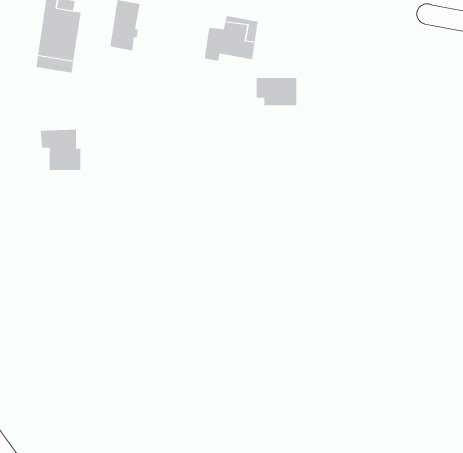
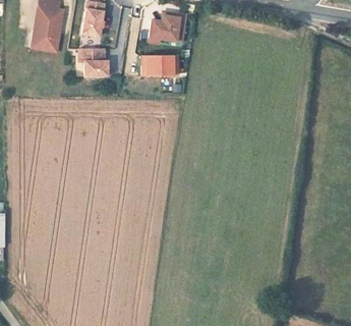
building: [256,78,297,106] -> [143,57,172,76]
building: [40,129,81,170] -> [79,48,108,76]

